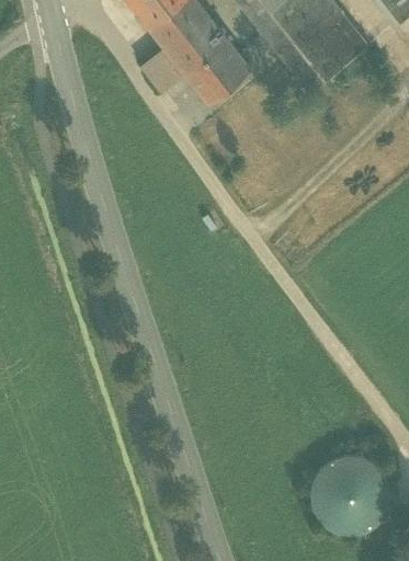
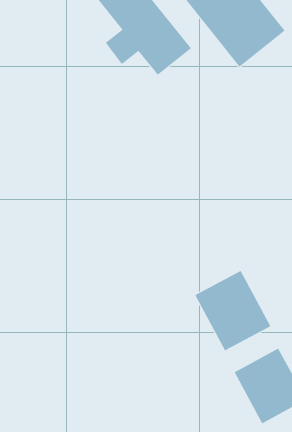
building: none -> [194,270,271,351]

